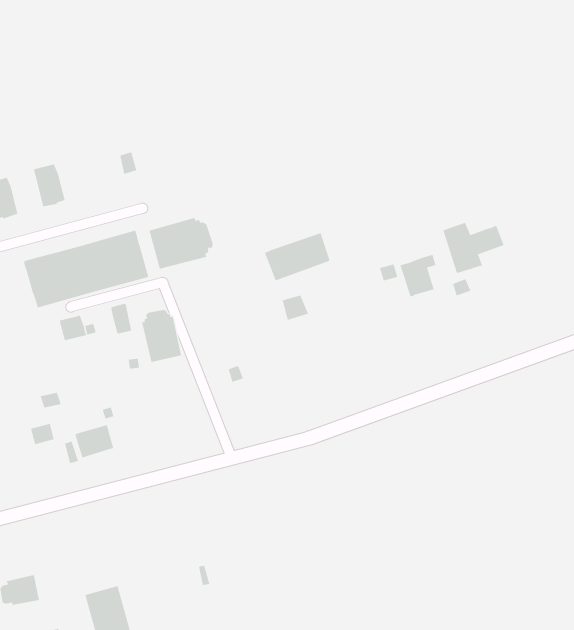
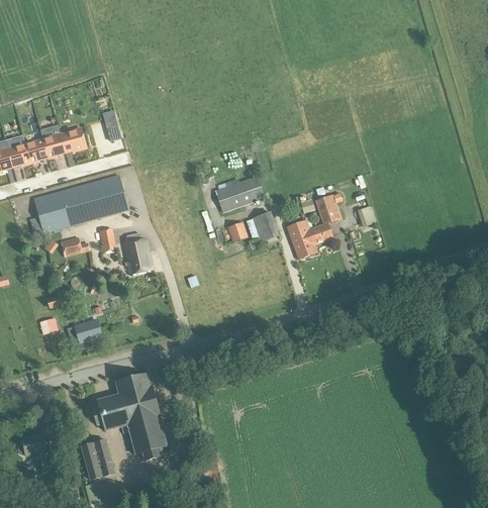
building: none -> [61,126,87,151]
building: none -> [25,136,48,162]
building: [149,217,213,270] -> none
building: [442,222,505,274] -> [287,220,333,259]
building: none -> [252,210,279,241]
building: none -> [92,374,166,459]

